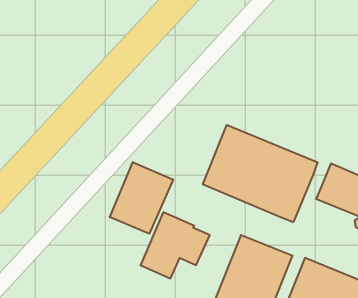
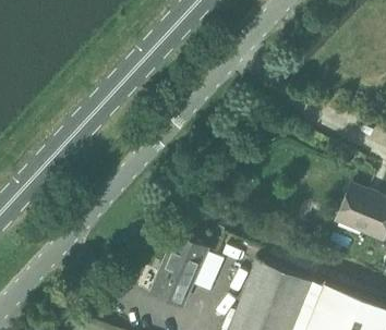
building: [203,125,318,222] -> none
building: [110,162,173,234] -> none

